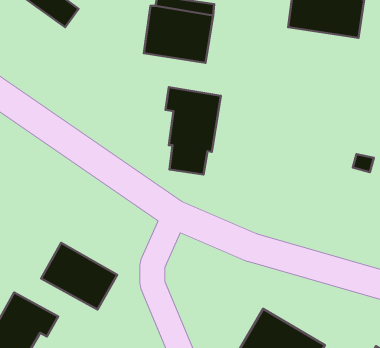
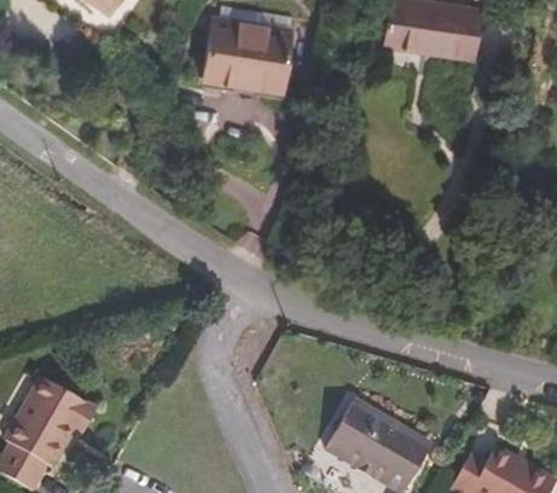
building: [166,87,221,175] -> none
building: [41,243,117,309] -> none

